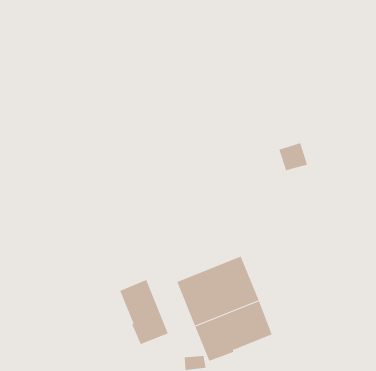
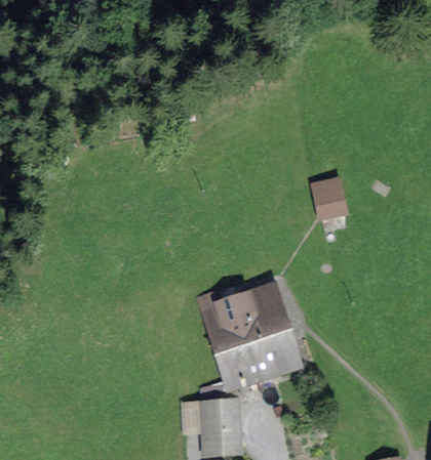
building: [120,279,169,345] -> none

